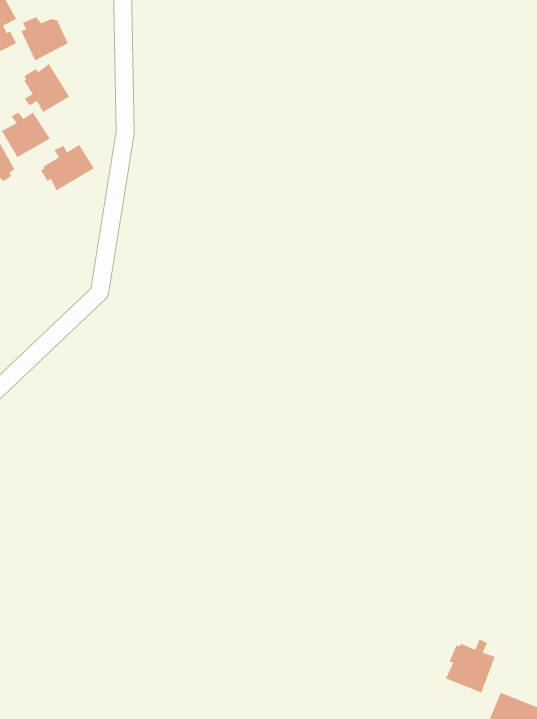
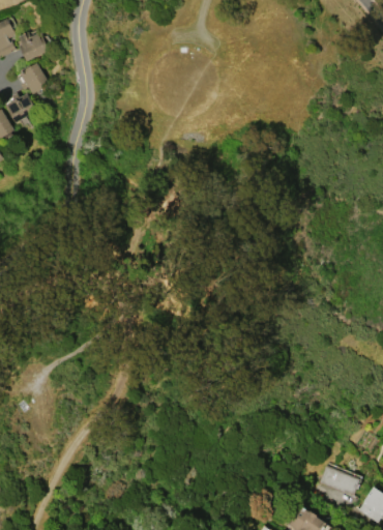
building: [40,144,95,191] -> none
building: [445,638,496,694] -> none

